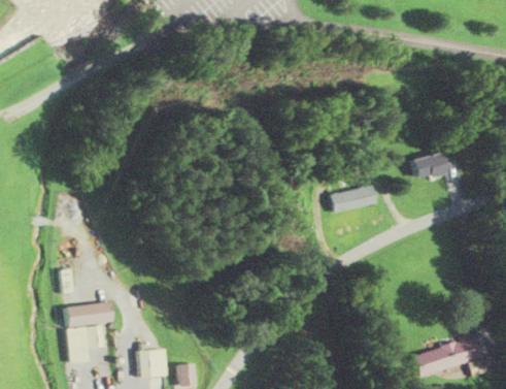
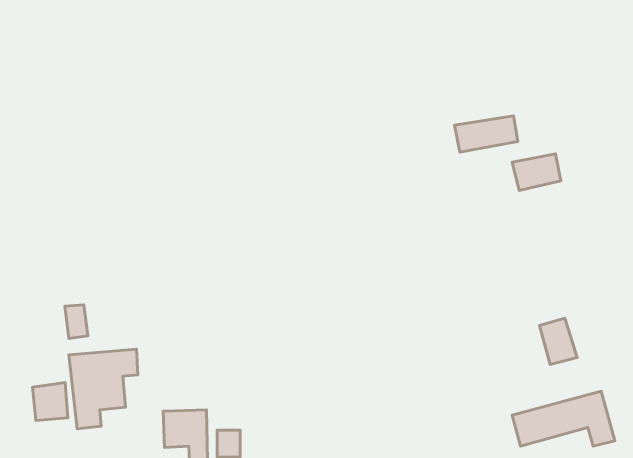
building: [324,186,372,214] -> [454,116,518,152]
building: none -> [540,318,577,364]
building: none -> [33,383,68,420]

